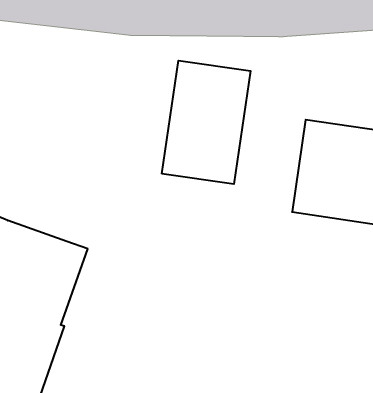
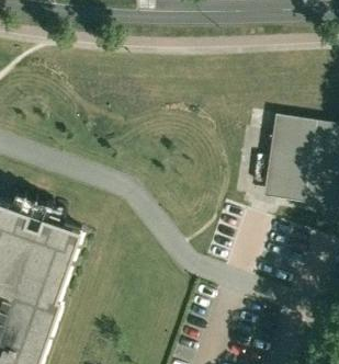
building: [162,61,251,184] -> none

